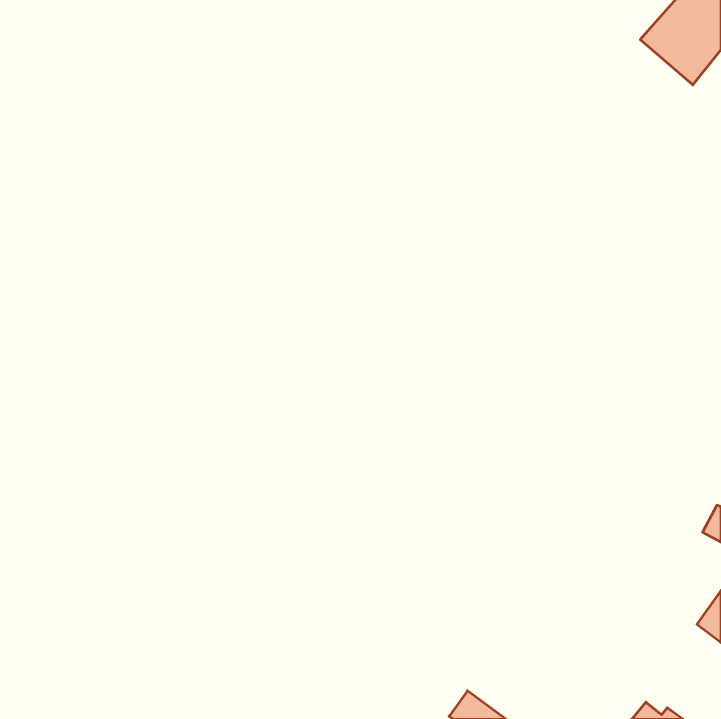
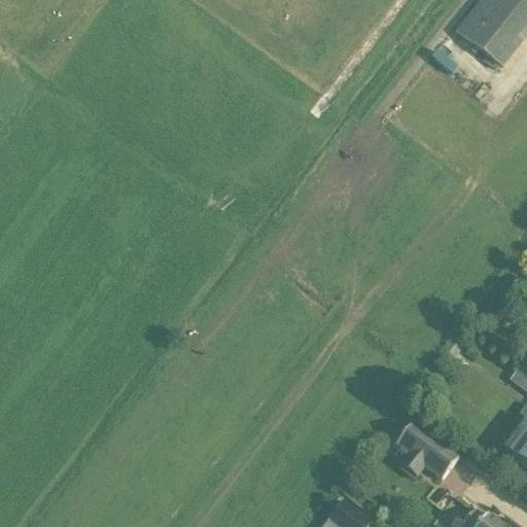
building: none -> [393,424,455,480]

